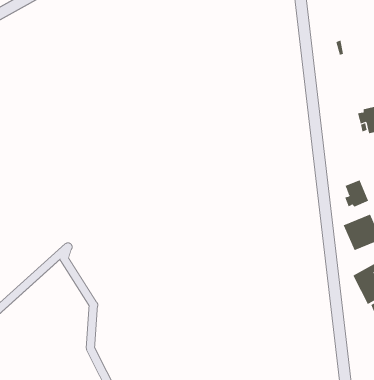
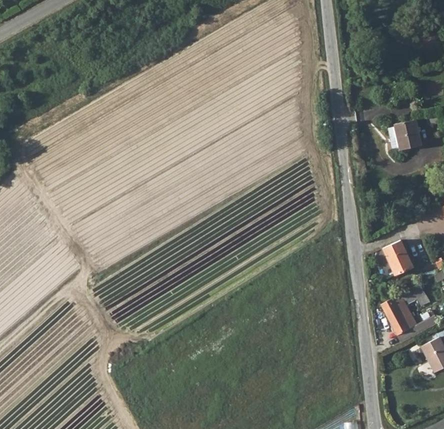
building: [344,179,369,208] -> none

